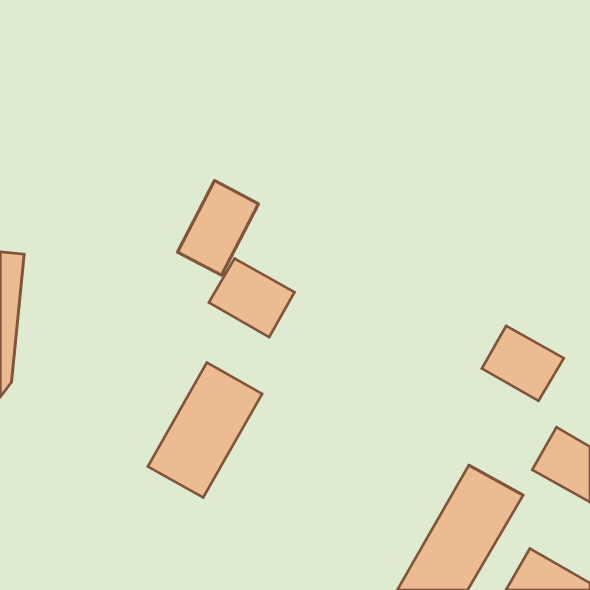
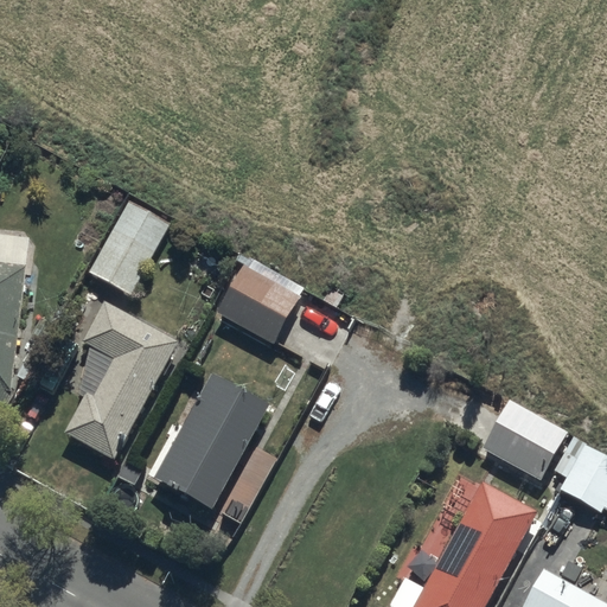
building: [178,181,258,275] -> [88,203,171,300]
building: none -> [64,298,180,459]
building: [482,326,564,401] -> [481,404,566,481]

